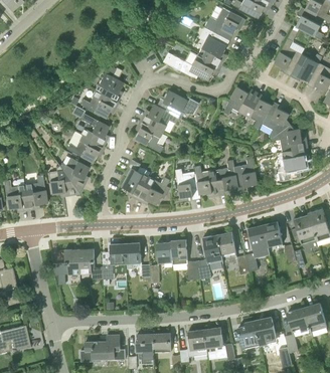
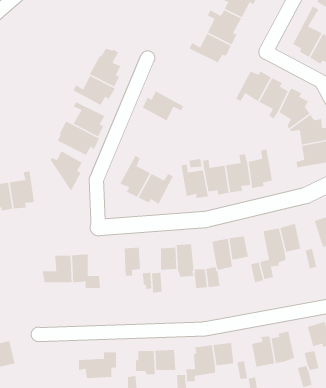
building: [156,90,194,118] -> none
building: [135,120,163,152] -> none
building: [47,166,78,197] -> none
building: [104,243,126,283] -> none

